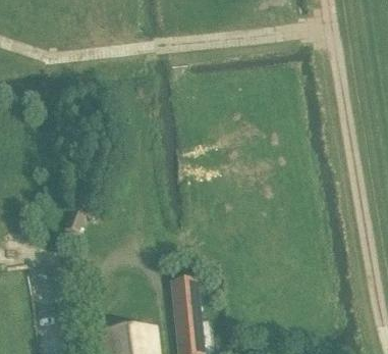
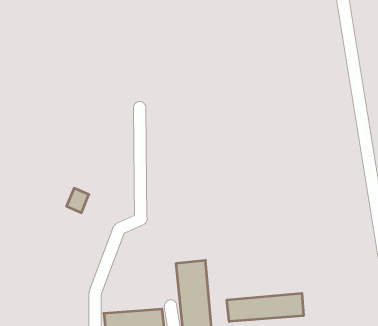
building: none -> [227,293,303,322]

